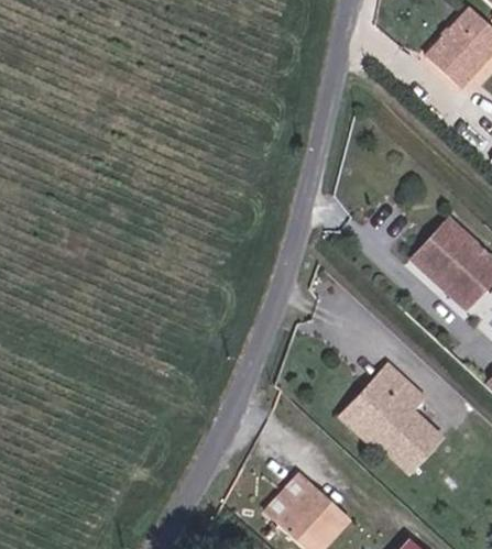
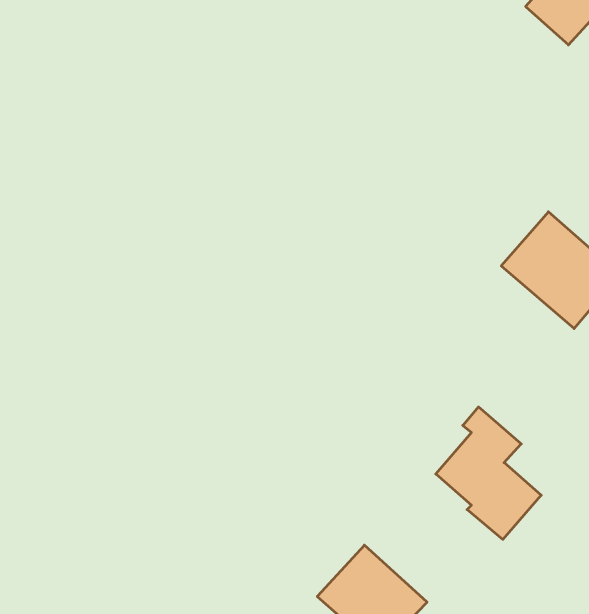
building: [341,378,385,451] -> none

